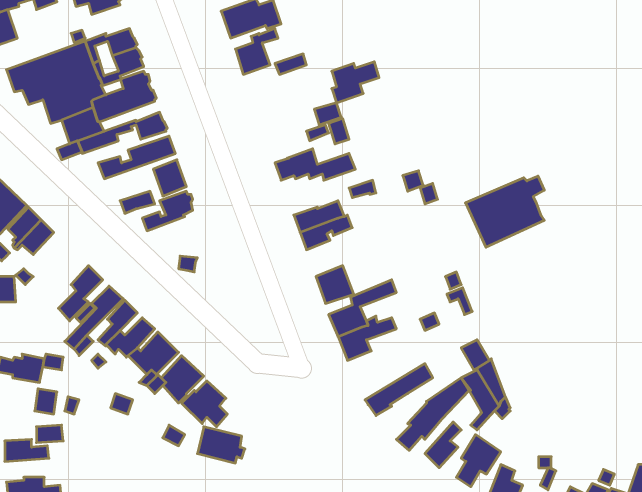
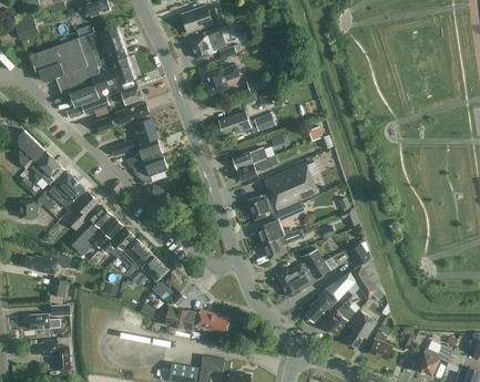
building: [332,62,379,103] -> [205,65,238,94]
building: [465,176,544,247] -> [263,162,318,211]
building: none -> [132,156,166,183]
building: none -> [48,173,85,205]
building: none -> [276,248,324,287]
building: none -> [195,310,228,332]

